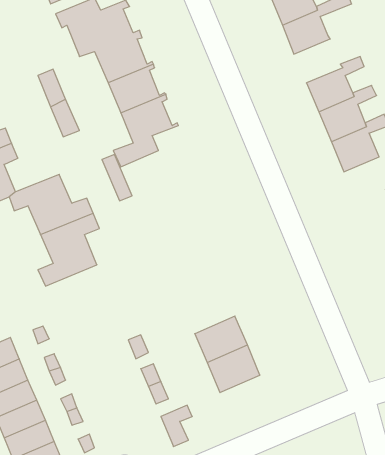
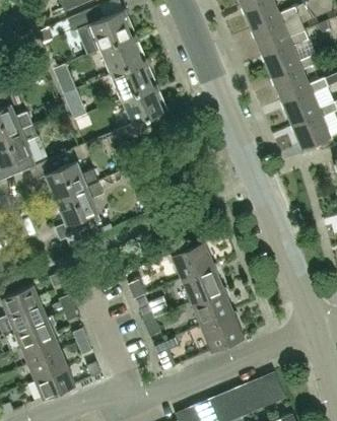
building: none -> [261,29,308,75]
building: none -> [171,239,213,278]
building: none -> [201,311,244,350]

